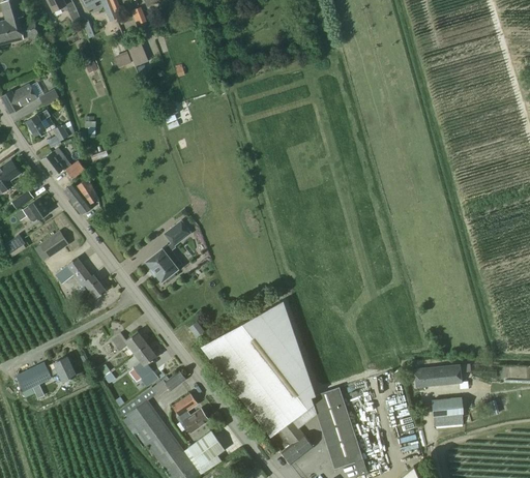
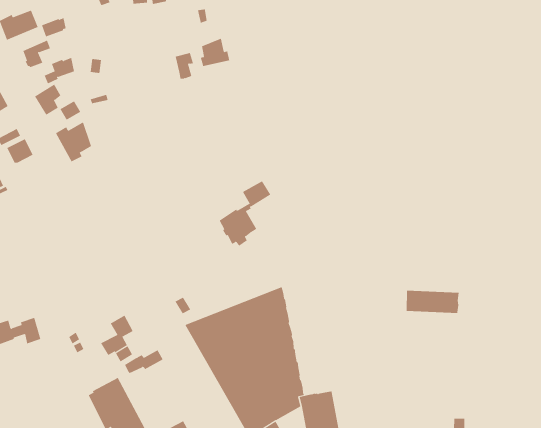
building: none -> [200,38,230,67]
building: [147,220,190,281] -> [219,181,271,246]
building: [35,231,67,260] -> none
building: [55,257,106,297] -> none
building: [111,331,147,353] -> none
building: [413,364,462,387] -> [406,290,460,313]
building: [173,393,209,431] -> none

